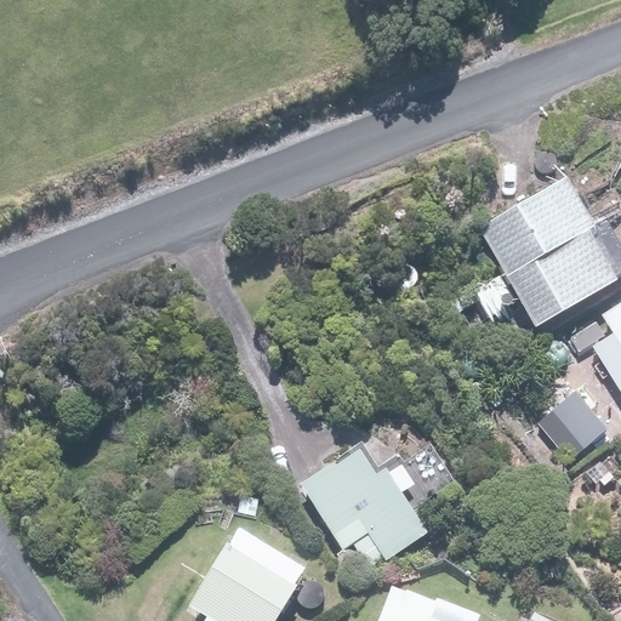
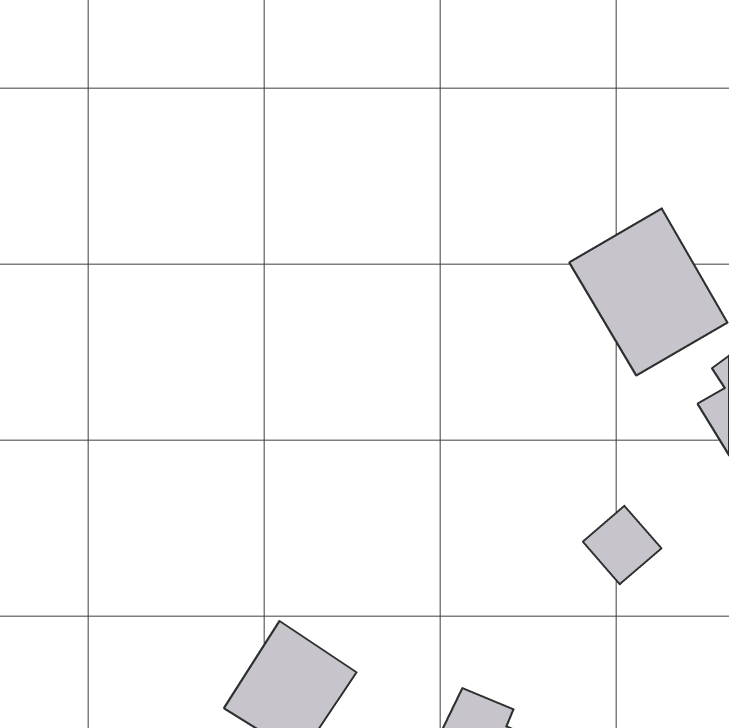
building: [541,394,608,461] -> [583,506,661,584]
building: [301,439,429,562] -> none

